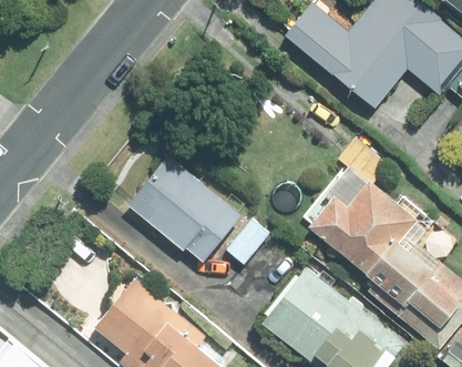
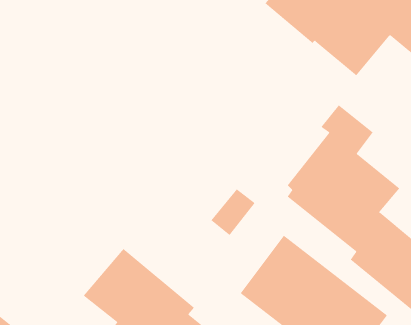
building: [124,155,240,261] -> none

